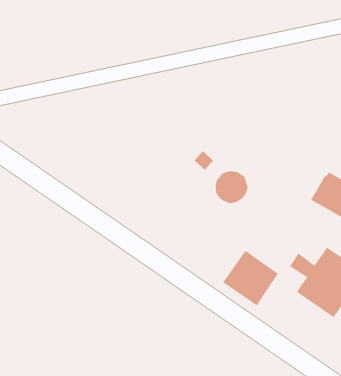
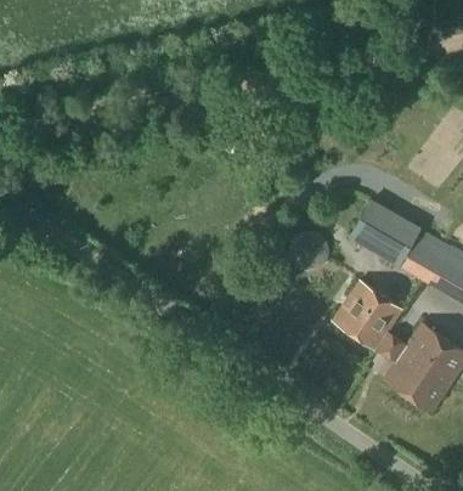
building: none -> [362,215,406,258]
building: [222,250,279,306] -> [333,281,402,350]

